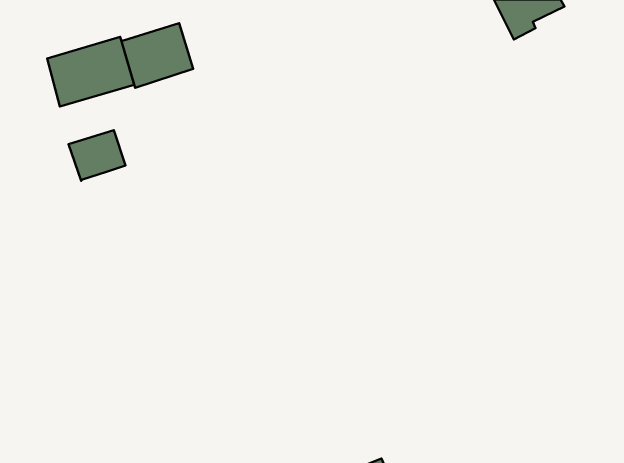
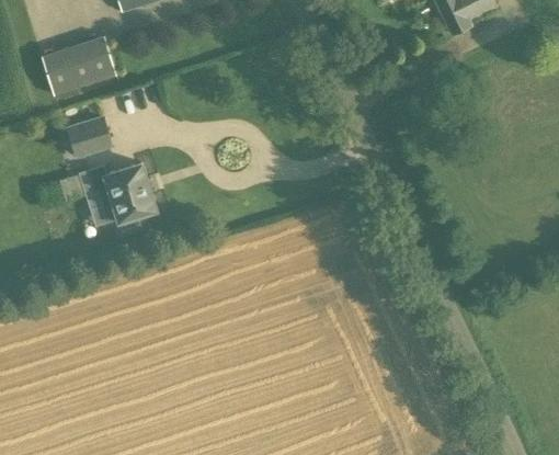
building: [121,23,193,88] -> none
building: none -> [75,153,156,232]

